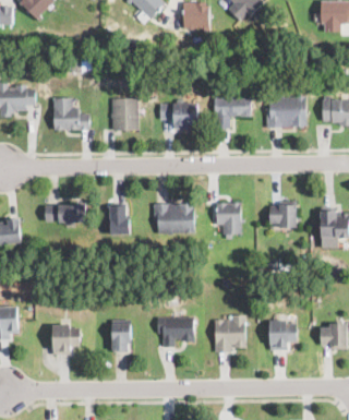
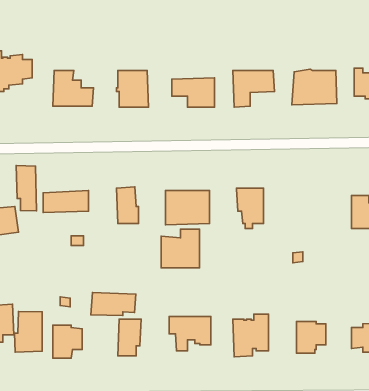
building: none -> [16,166,37,211]
building: [270,201,296,226] -> none
building: none -> [161,229,199,268]
building: none -> [91,293,136,315]
building: none -> [15,311,42,352]

